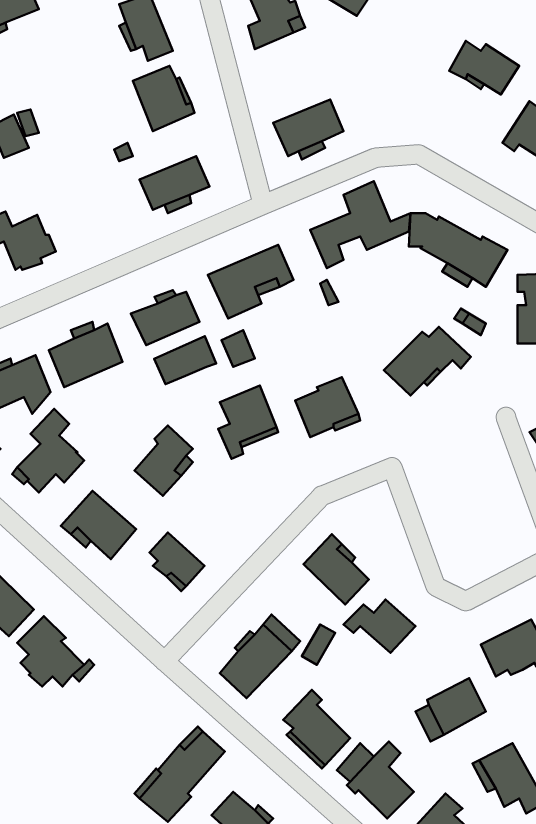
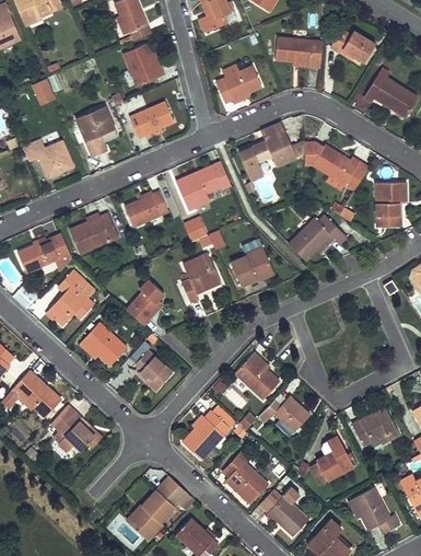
building: none -> [276,38,324,69]
building: none -> [77,107,116,159]
building: [154,336,216,384] -> none

